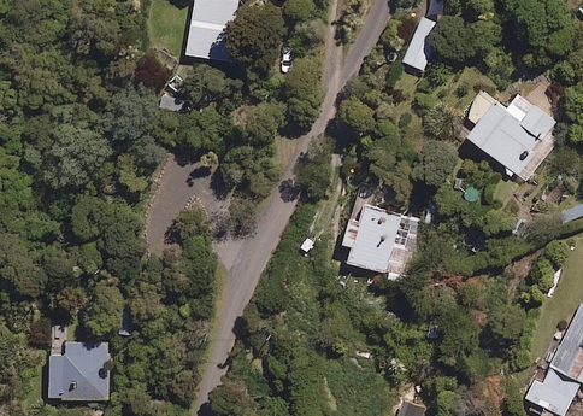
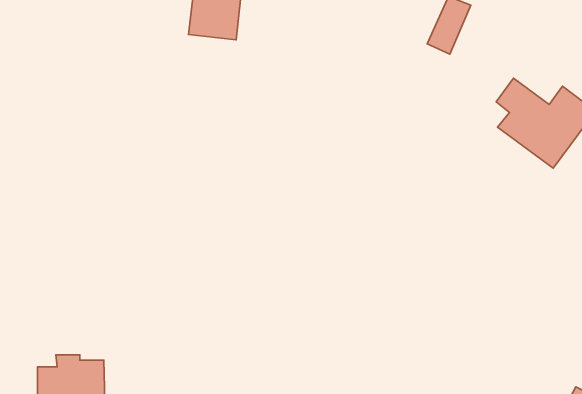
building: [342,204,424,279] -> none

